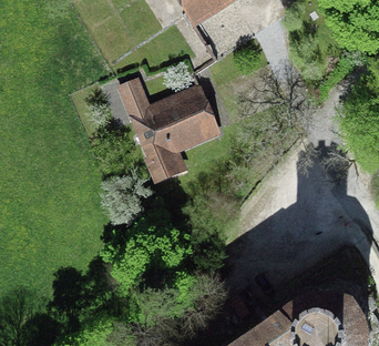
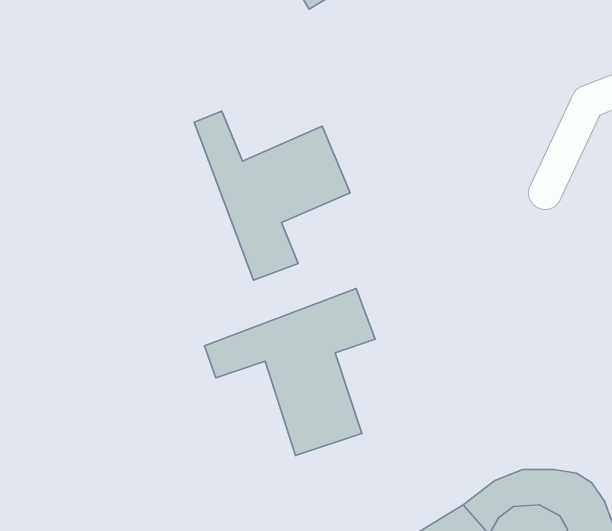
building: none -> [204,289,375,455]

